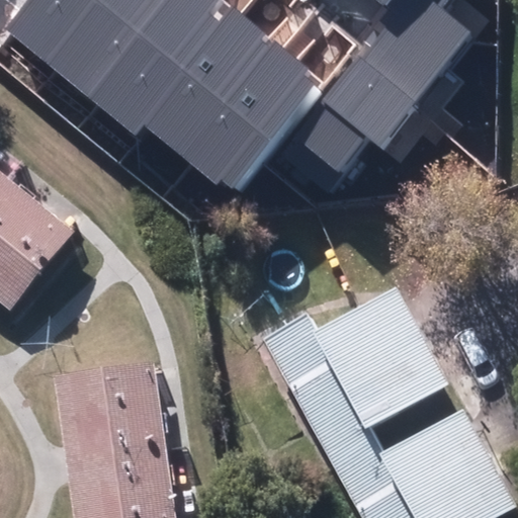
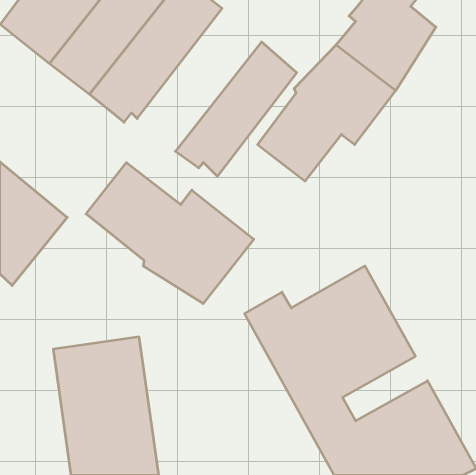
building: [149,9,283,164] -> none
building: none -> [86,163,254,304]

